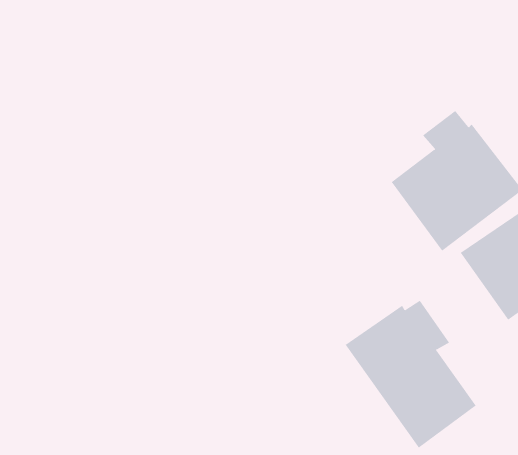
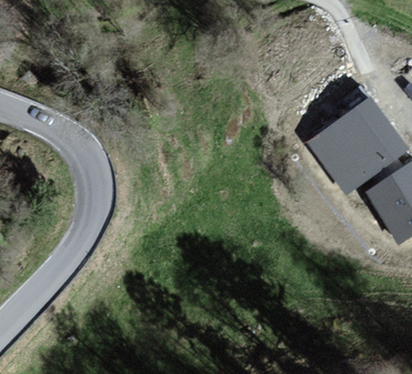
building: [345,300,477,449] -> none

